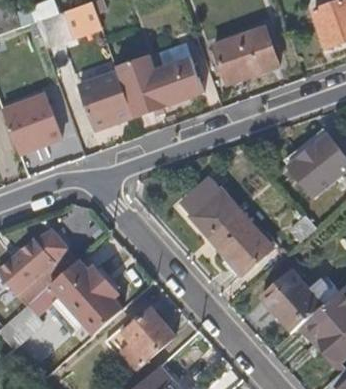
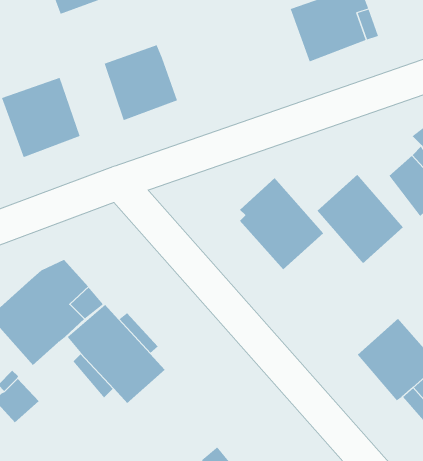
building: [121,55,203,117] -> none
building: [209,209,273,275] -> [316,174,404,264]
building: [103,309,175,369] -> none

